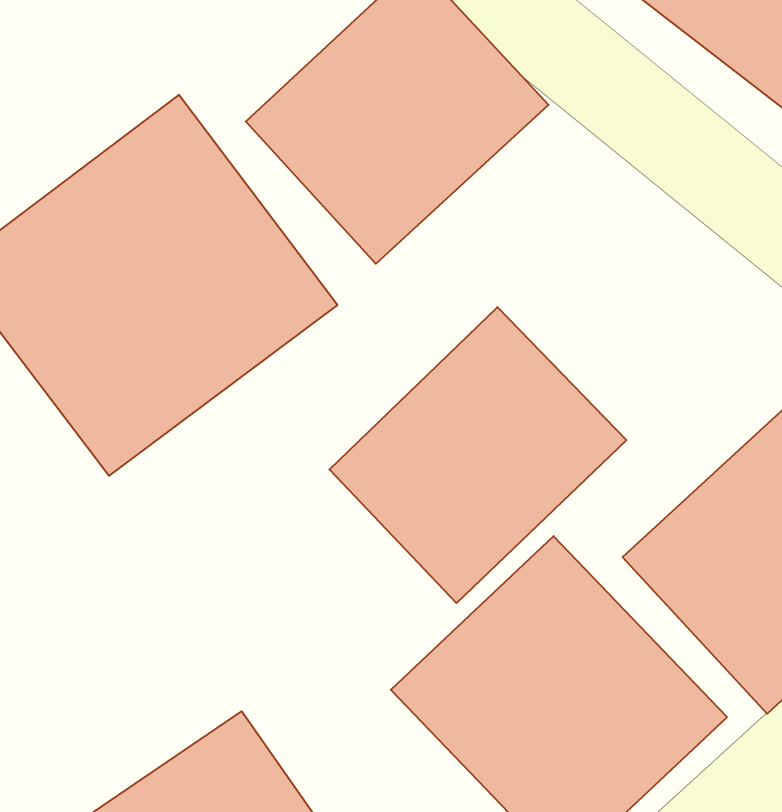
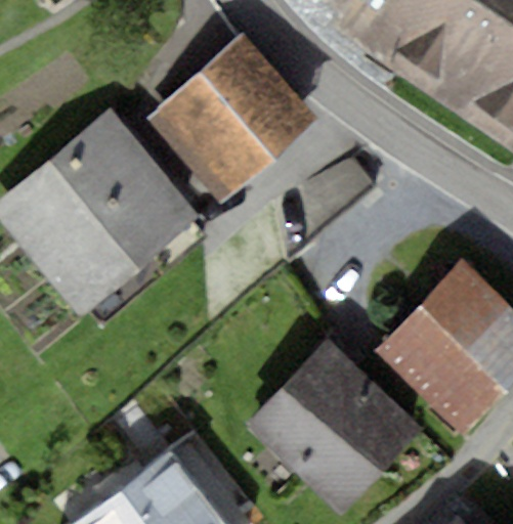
building: [329,307,626,603] -> none

